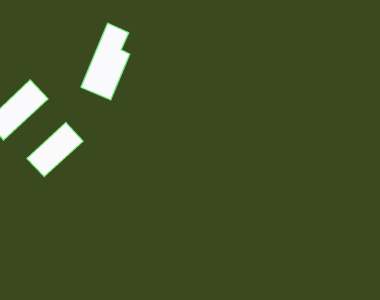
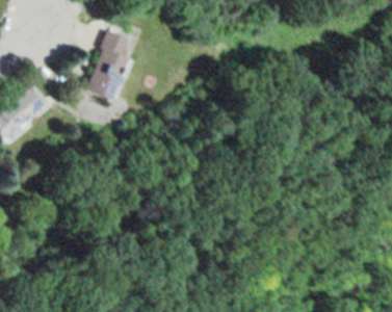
building: [27,122,83,177] -> none

